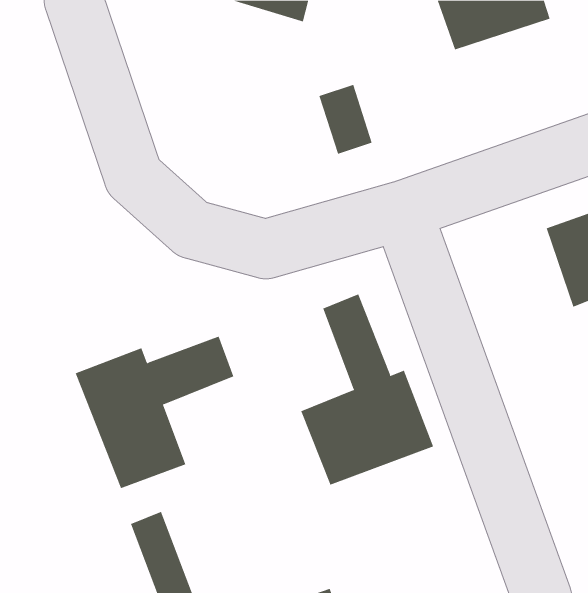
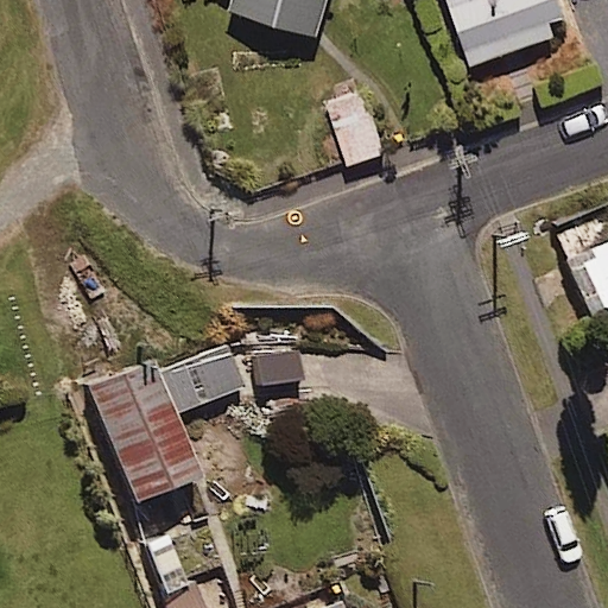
building: [301,293,434,486] -> none

